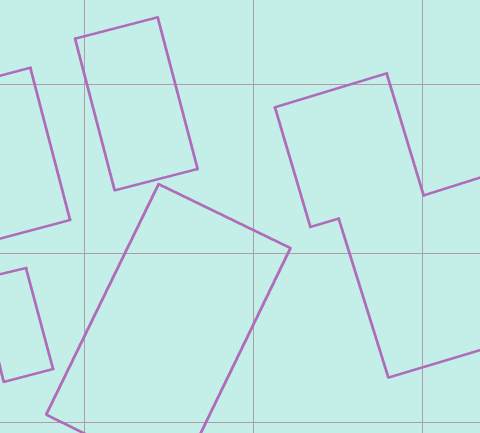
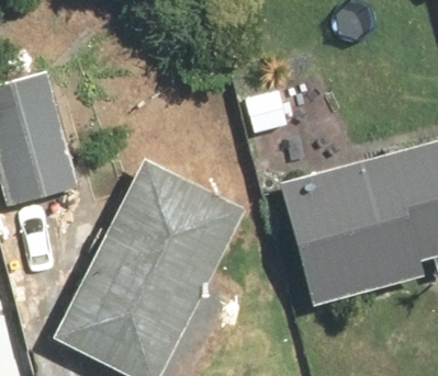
building: [75,17,197,190] -> none

